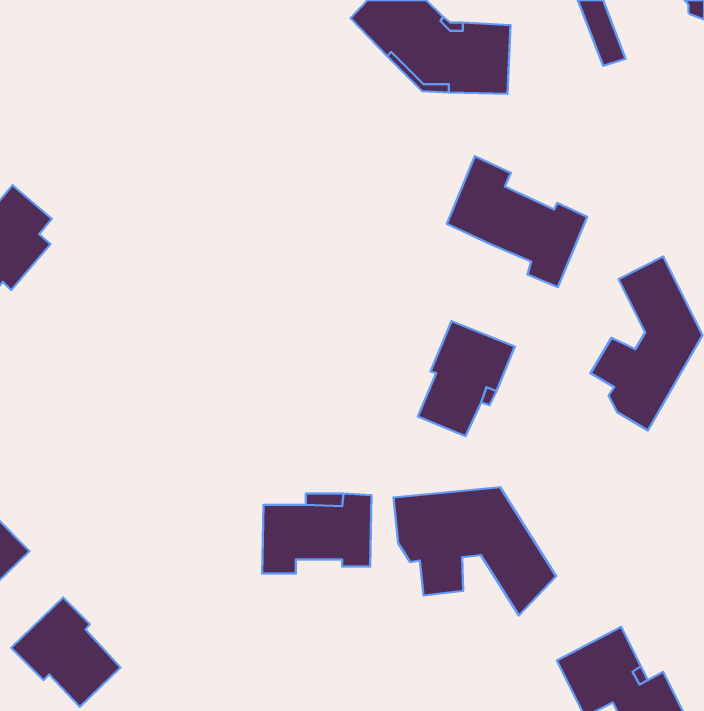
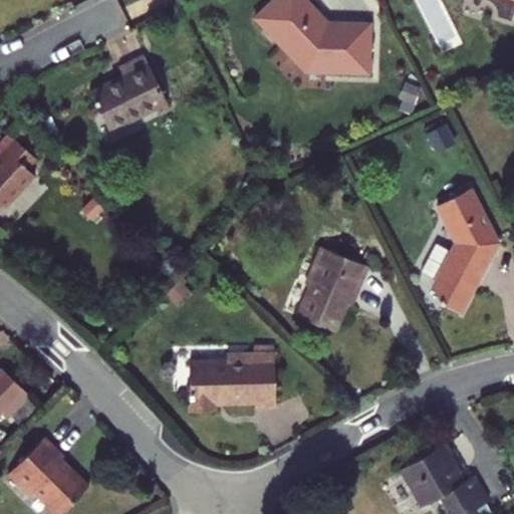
building: none -> [94,56,172,134]
building: [447,156,587,287] -> none
building: [393,487,556,616] -> none

